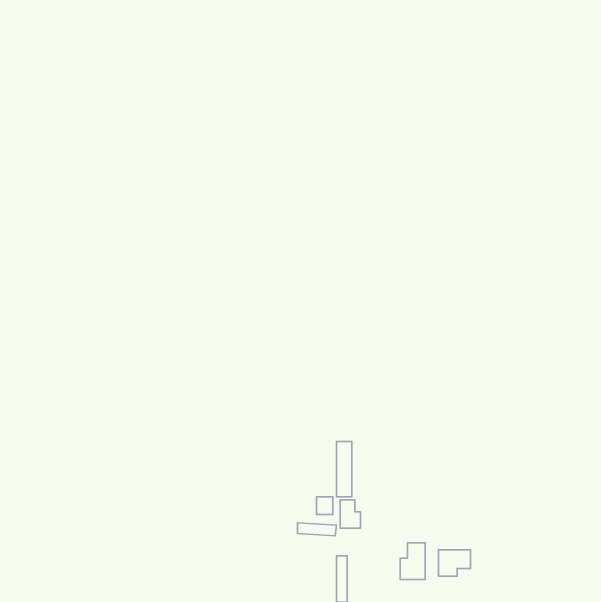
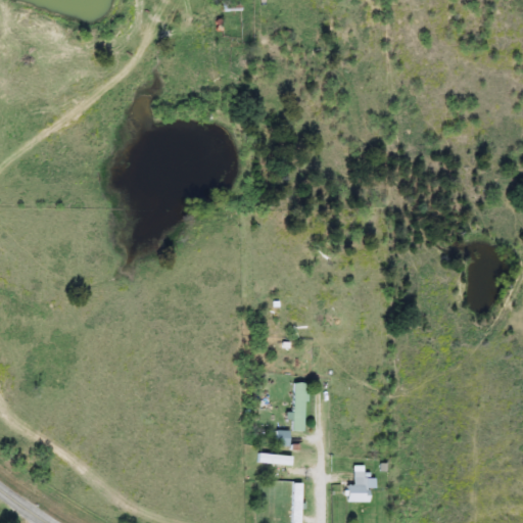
building: [340,500,361,528] -> none
building: [438,550,471,576] -> none

